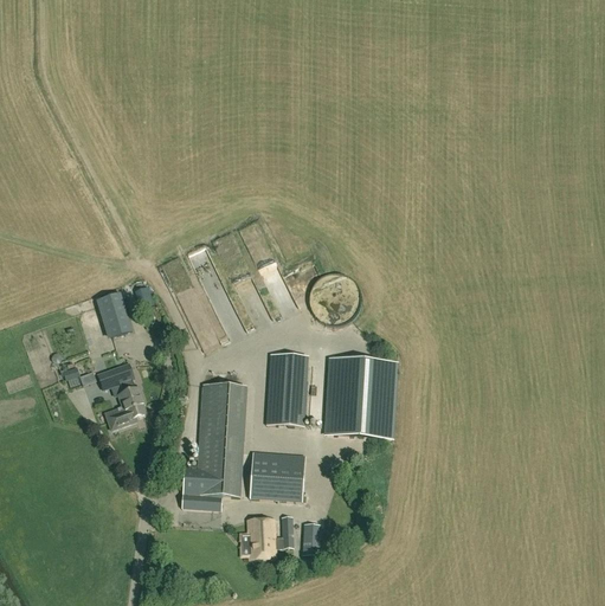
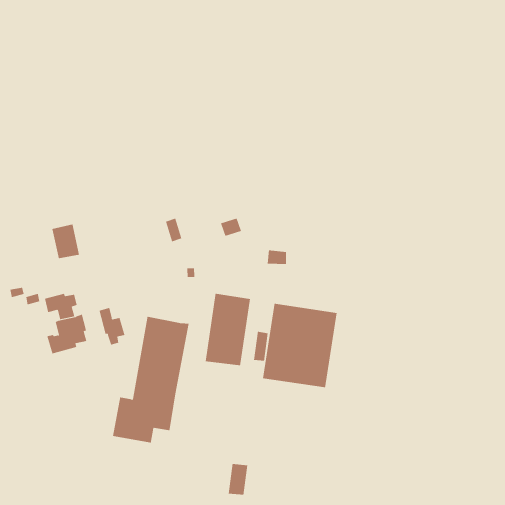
building: none -> [99,307,125,345]
building: [250,451,304,499] -> none
building: [247,515,291,557] -> none

